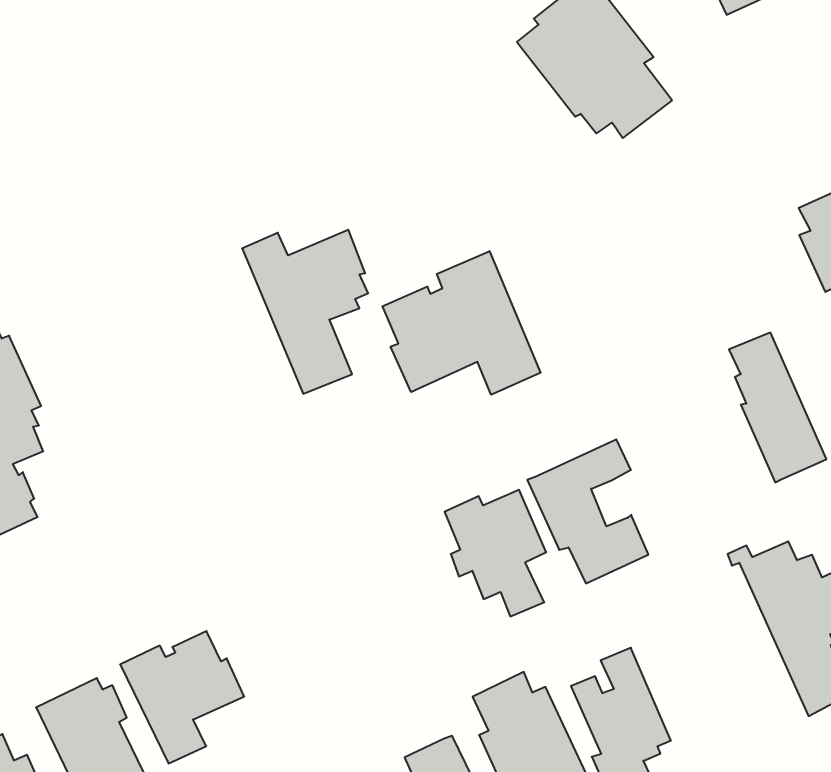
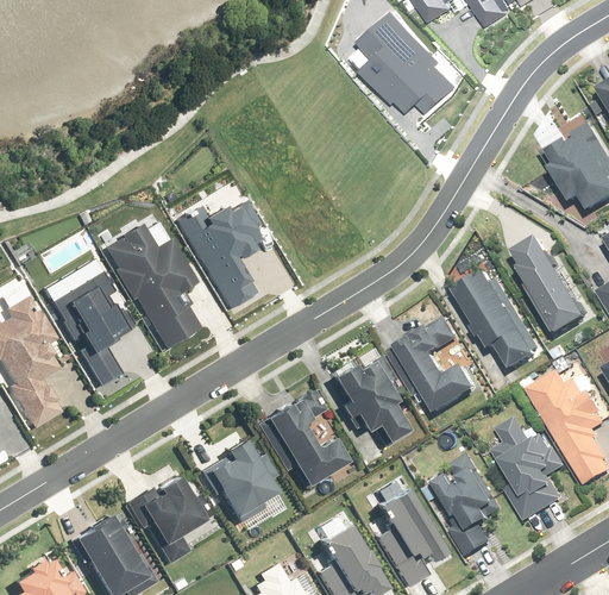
building: none -> [106,221,202,345]
building: [382,251,541,395] -> none
building: none -> [45,258,133,387]
building: none -> [448,268,533,365]
building: none -> [257,390,353,487]
building: none -> [208,439,276,522]
building: none -> [494,416,569,521]

